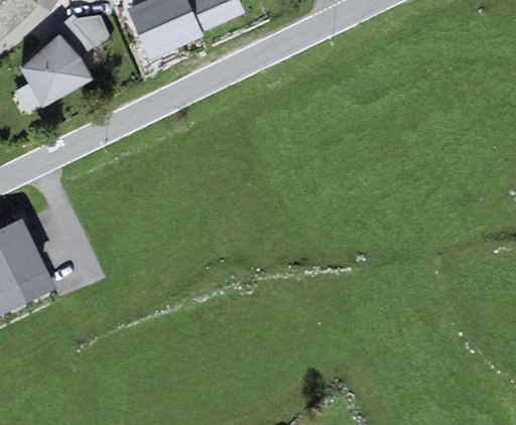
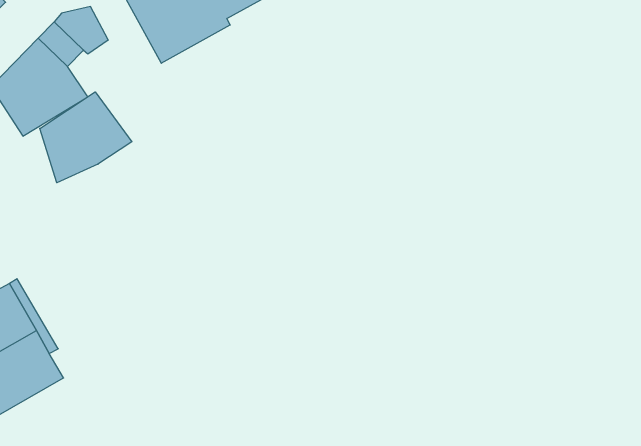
building: none -> [40,92,132,183]

